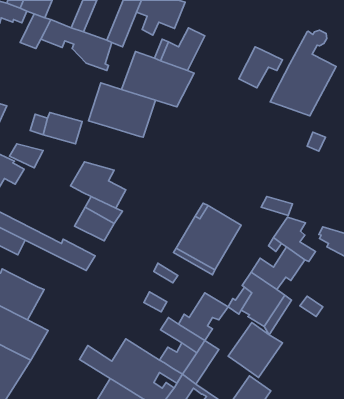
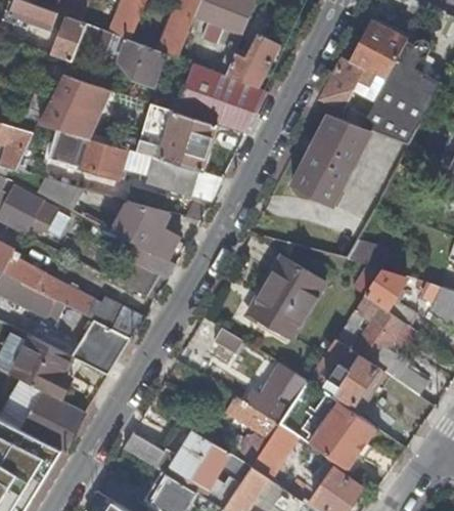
building: none -> [350,23,406,80]
building: none -> [40,76,109,137]
building: none -> [291,115,372,205]
building: none -> [147,157,198,197]
building: none -> [73,318,132,375]

